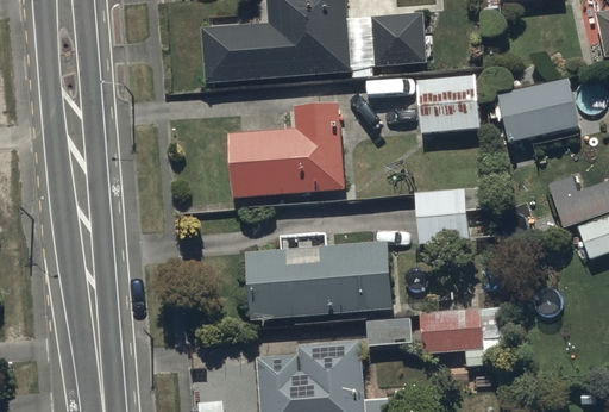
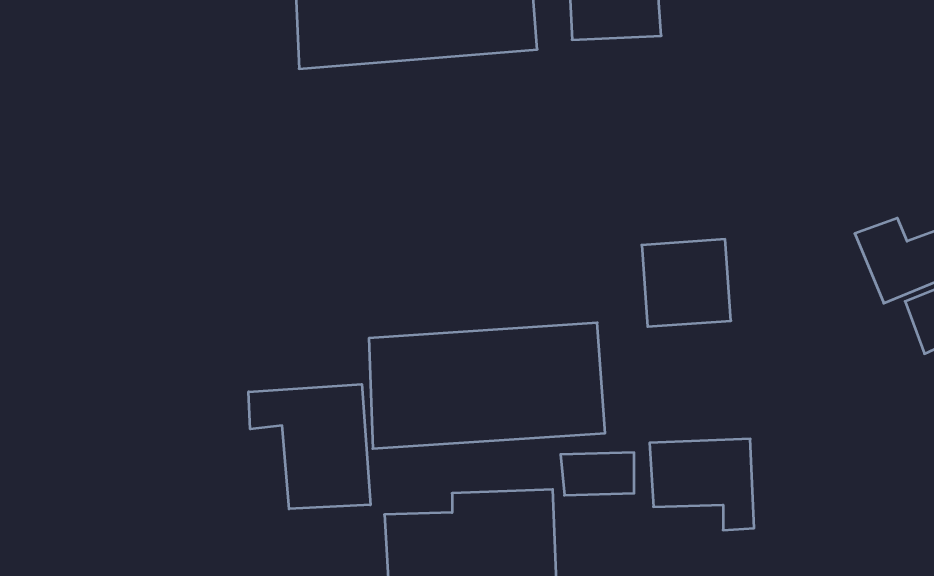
building: [416,75,478,135] -> none
building: [498,79,579,143] -> none
building: [228,99,346,199] -> none
building: none -> [249,384,370,509]

